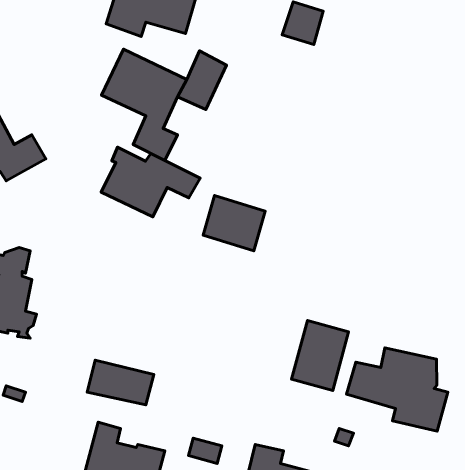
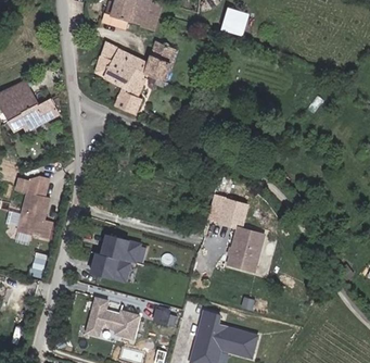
building: [101,147,200,217] -> none
building: [203,195,265,251] -> [206,193,248,231]
building: none -> [98,234,145,263]
building: [346,348,448,431] -> none

